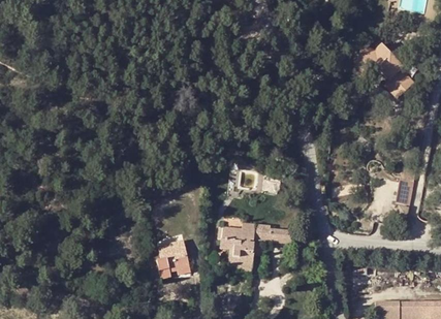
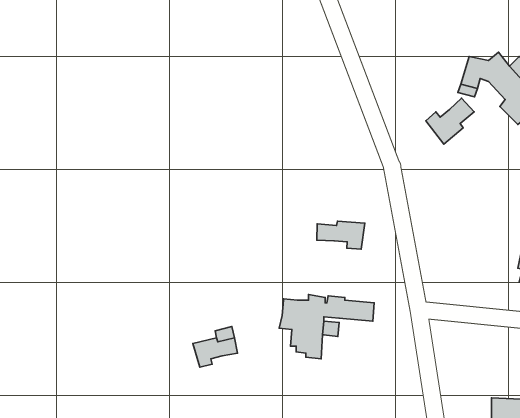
building: none -> [426,98,474,144]
building: none -> [317,221,365,249]

